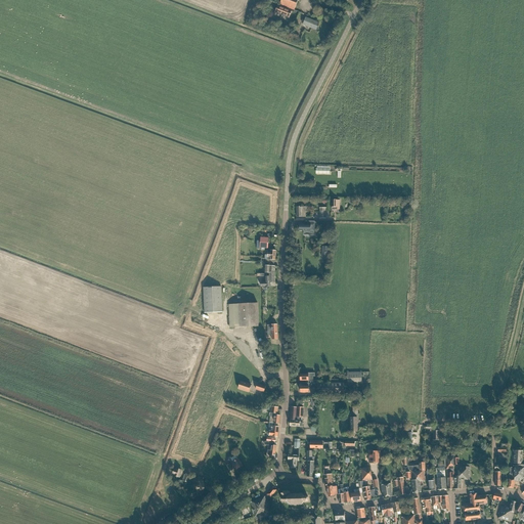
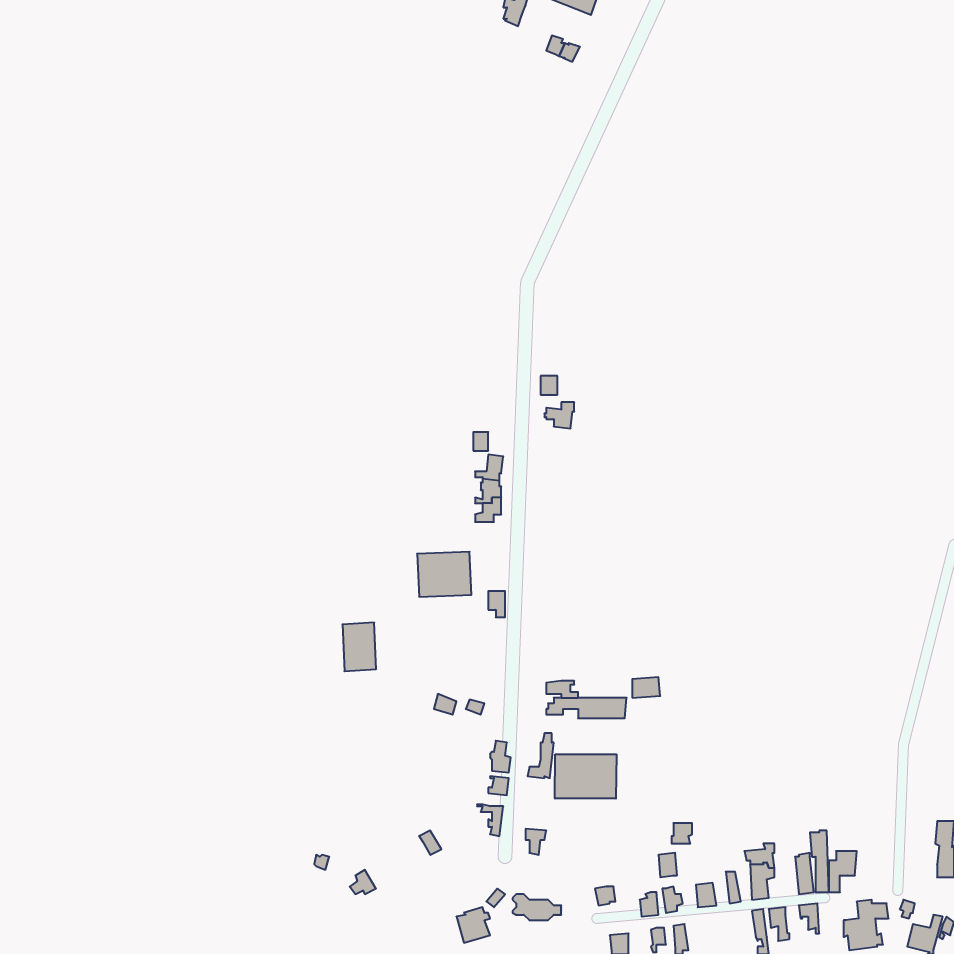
building: [203,286,221,312] -> [342,623,376,671]
building: none -> [555,754,616,799]

